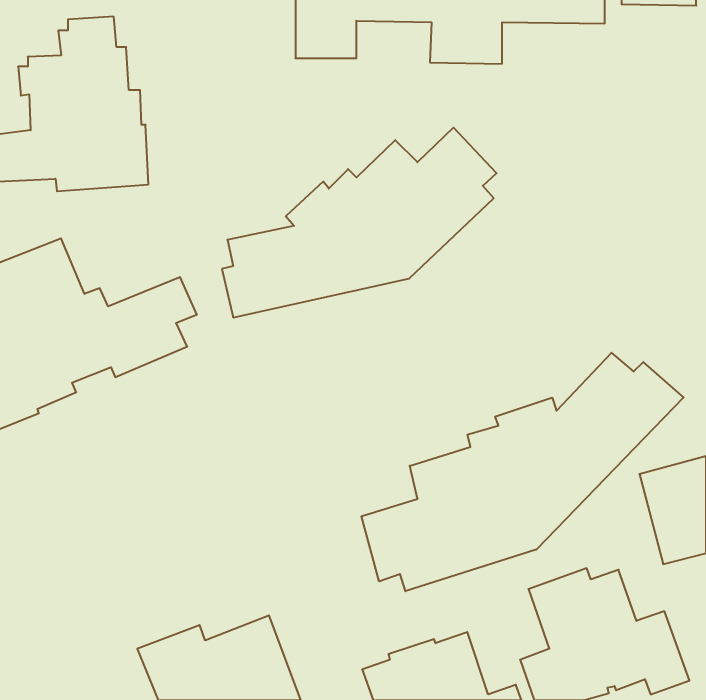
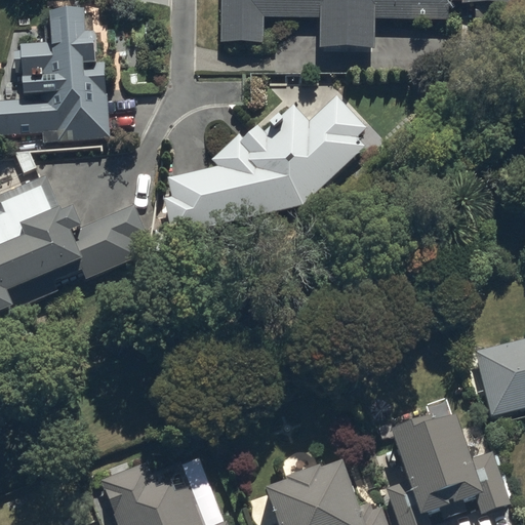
building: [361,353,684,591] -> none

